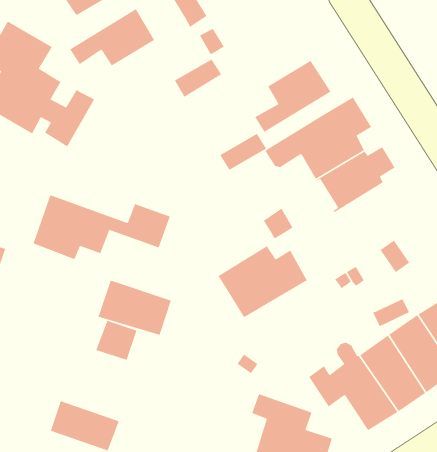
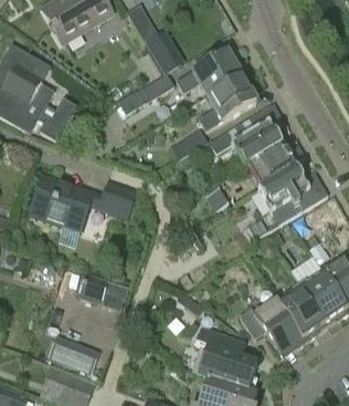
building: [69,8,155,67] -> [176,52,241,96]
building: [217,245,308,318] -> [258,169,327,225]
building: [97,280,172,336] -> none

